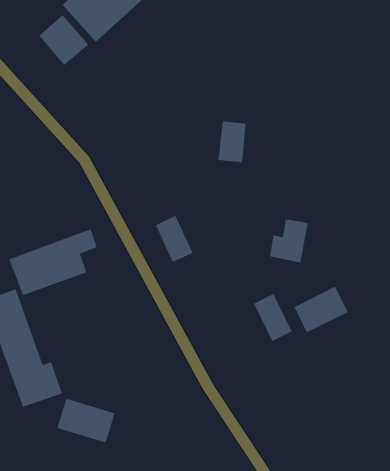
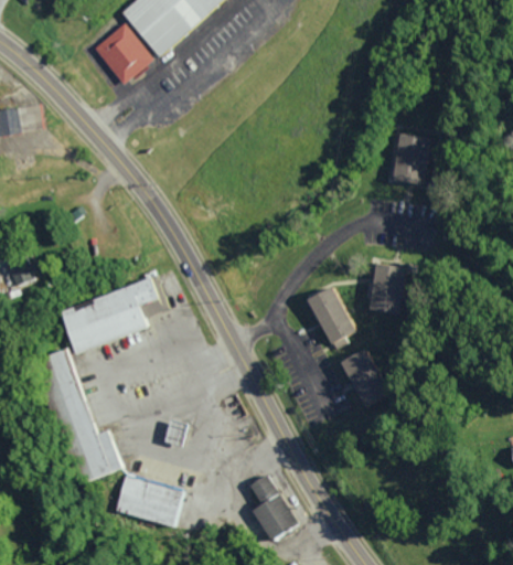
building: [218,121,247,163] -> [391,134,425,183]
building: [155,215,194,263] -> [314,287,360,343]
building: [294,286,349,333] -> none
building: none -> [247,473,296,541]

